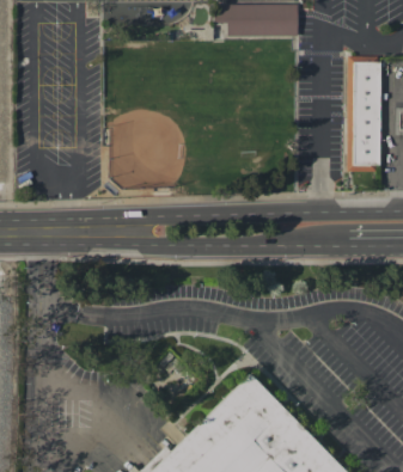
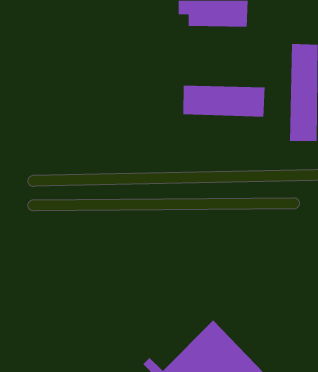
building: none -> [183,85,265,118]

